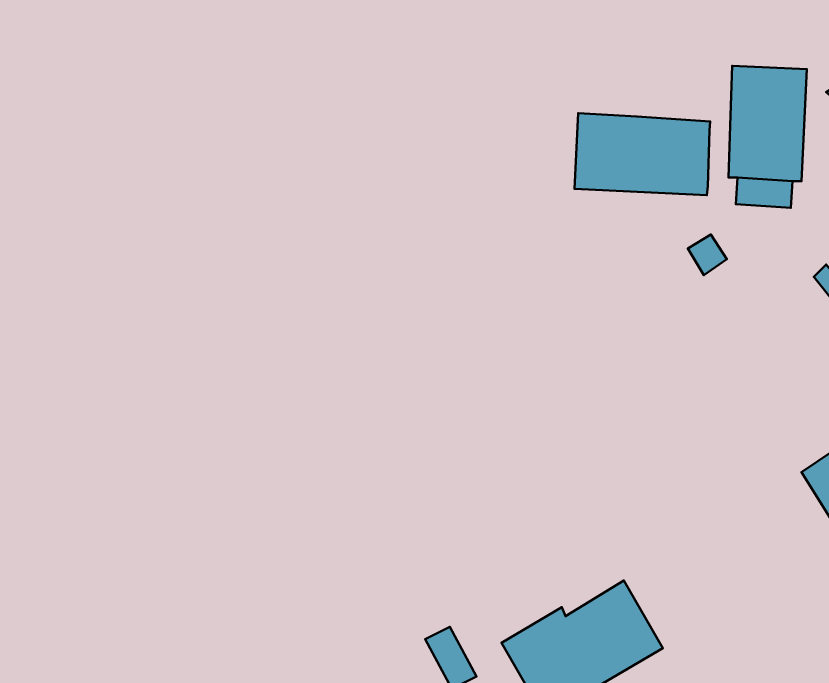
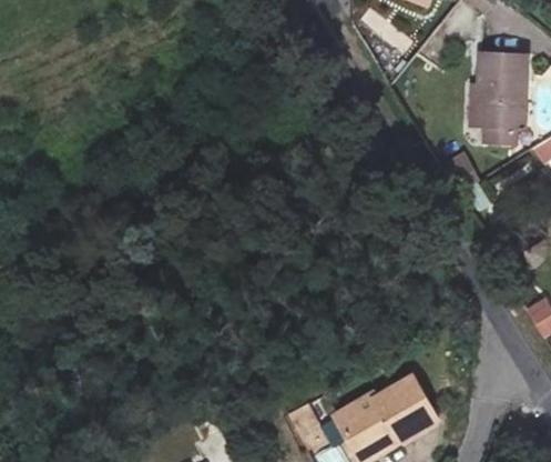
building: [575,113,710,195] -> none

